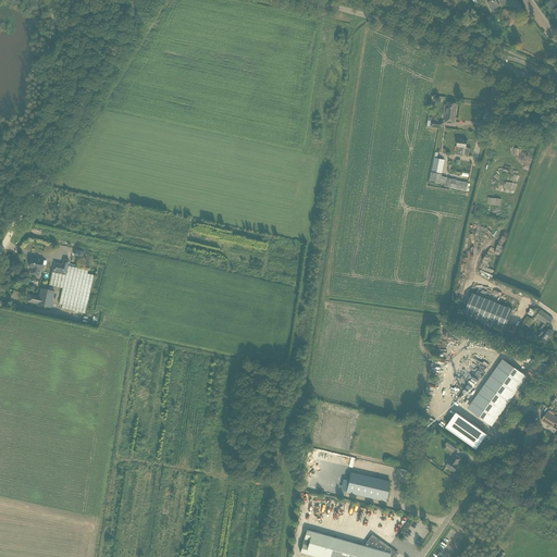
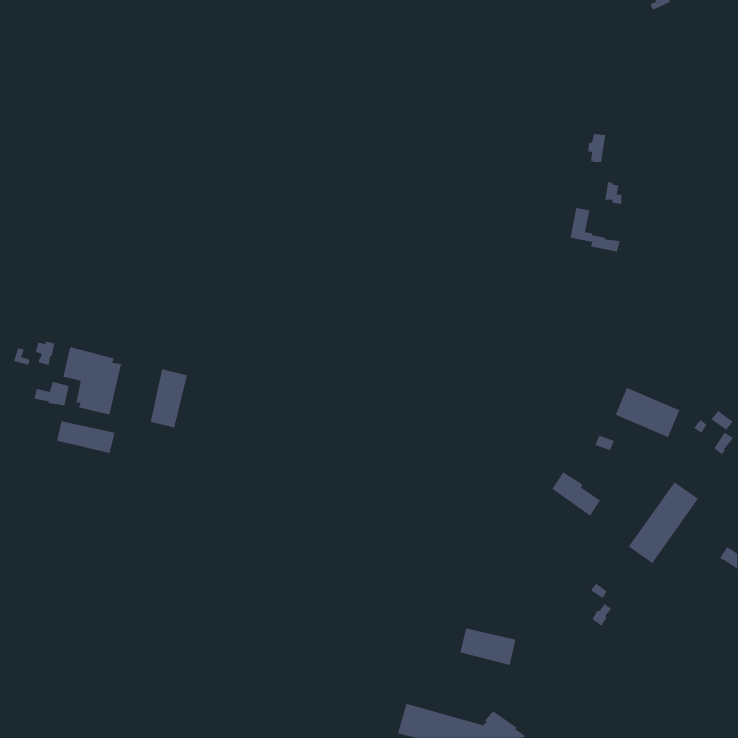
building: none -> [150,368,187,428]
building: none -> [57,420,115,454]
building: [445,412,482,446] -> [551,472,601,516]

